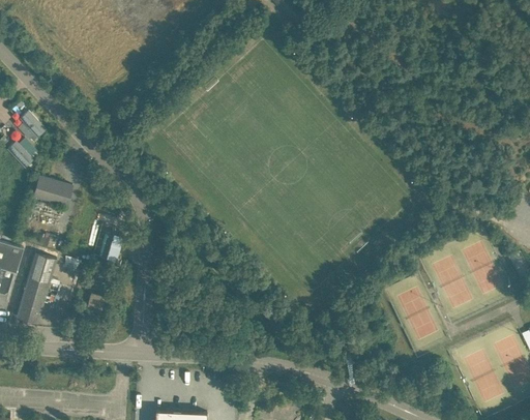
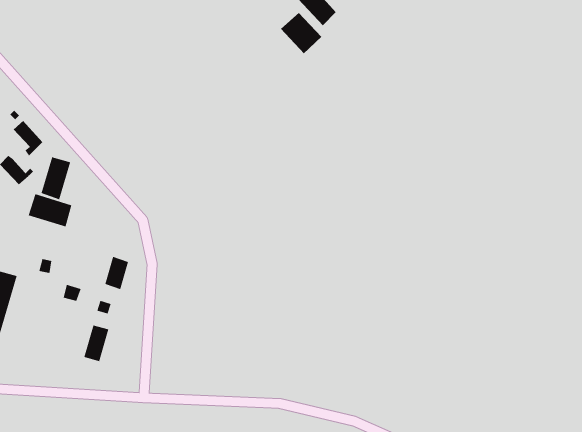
building: none -> [280,12,322,54]
building: none -> [41,156,71,200]
building: [17,252,56,323] -> none

